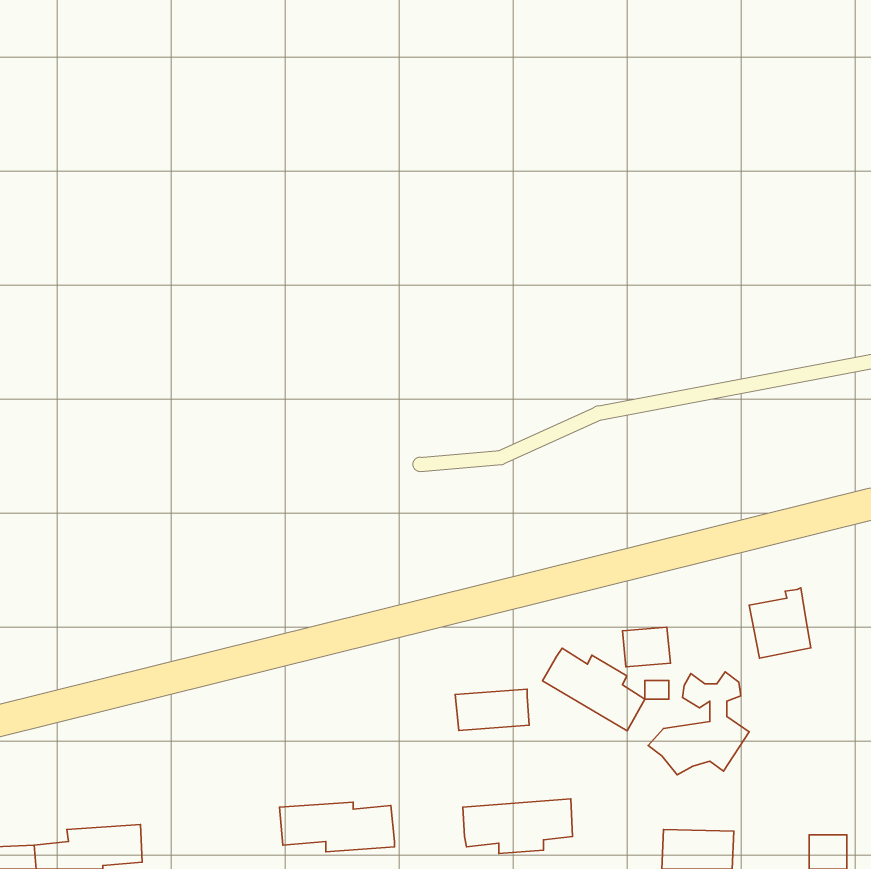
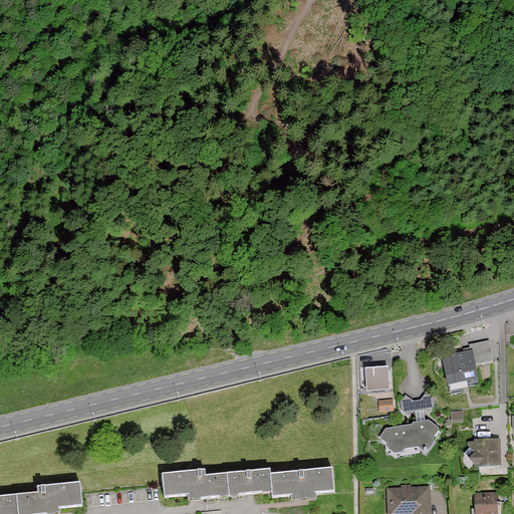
building: none -> [466,337,491,362]
building: [543,648,645,731] -> none
building: [455,689,529,730] -> [229,469,272,493]
building: none -> [467,436,498,462]

